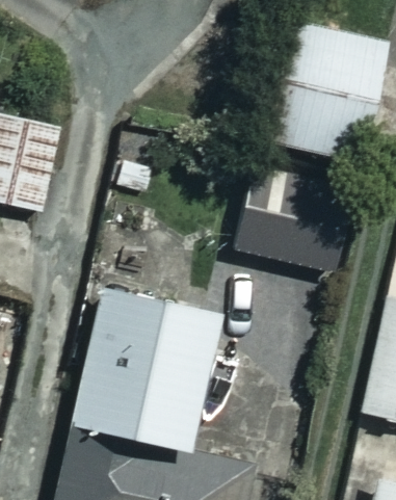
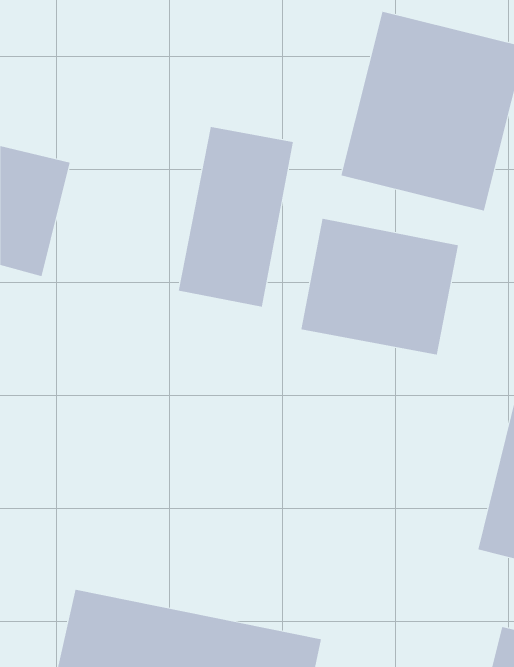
building: none -> [178,126,294,307]
building: [71,285,201,445] -> none

